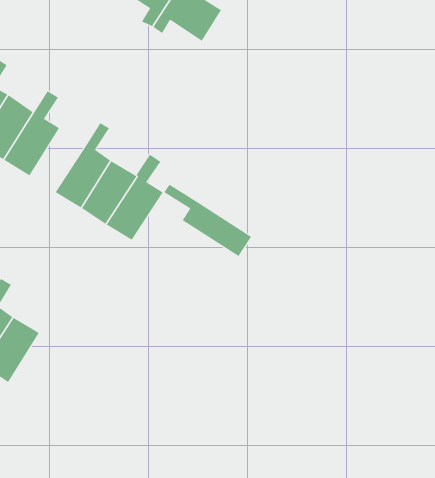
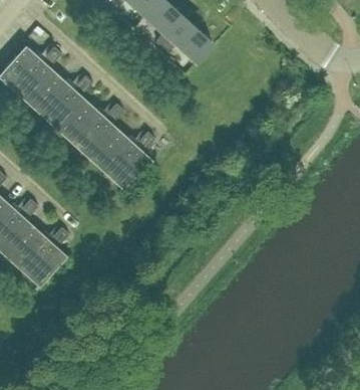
building: none -> [61,104,103,147]
building: [164,184,252,257] -> none
building: none -> [22,227,67,285]

